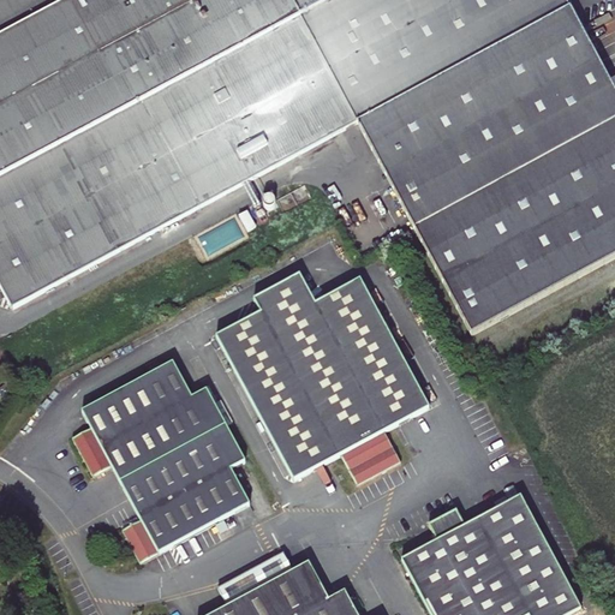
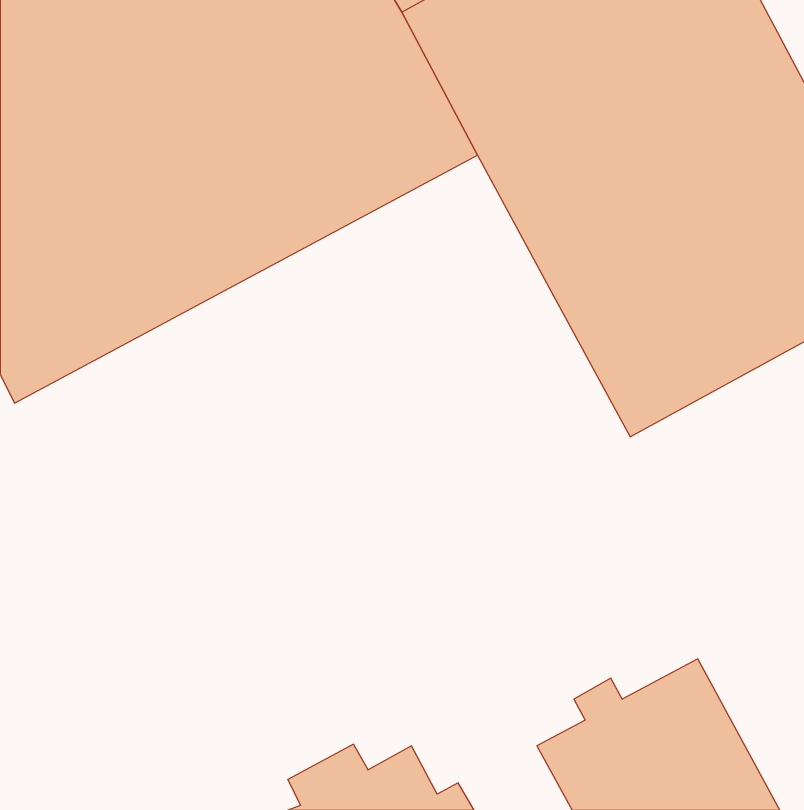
building: [214,273,428,484] -> none
building: [71,360,247,561] -> none

